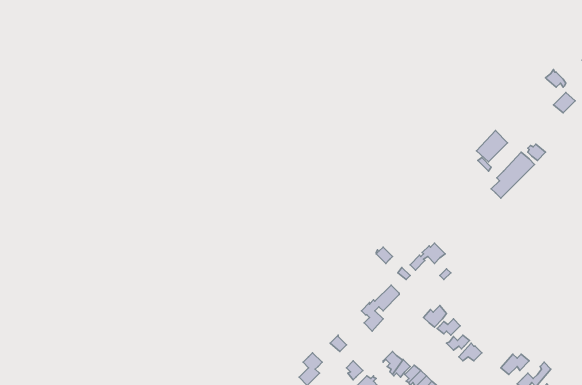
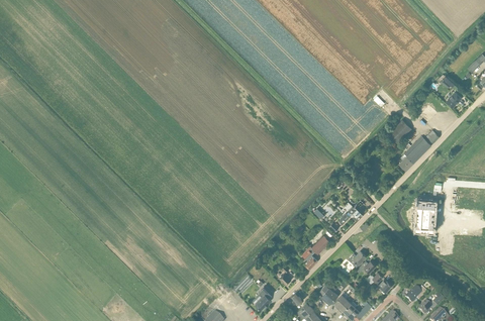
building: none -> [415,198,437,228]

